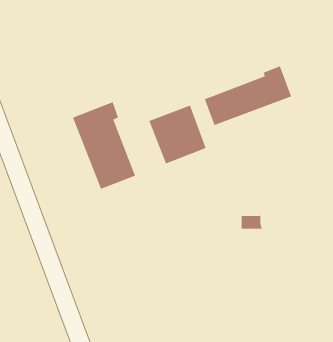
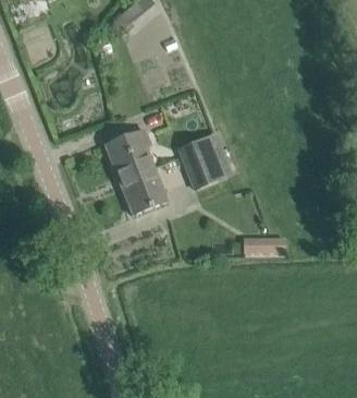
building: [204,65,292,126] -> none

